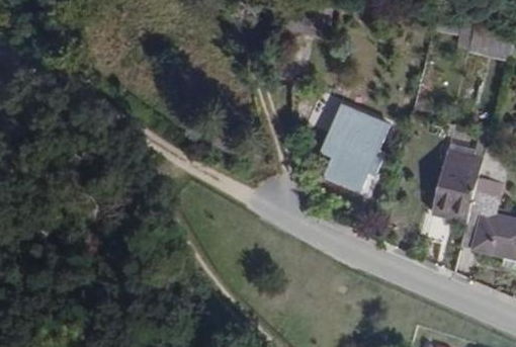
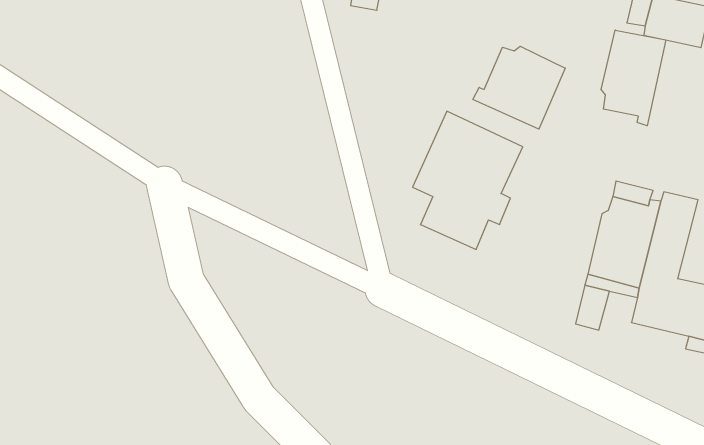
building: none -> [601,30,666,126]
building: none -> [473,46,565,129]

